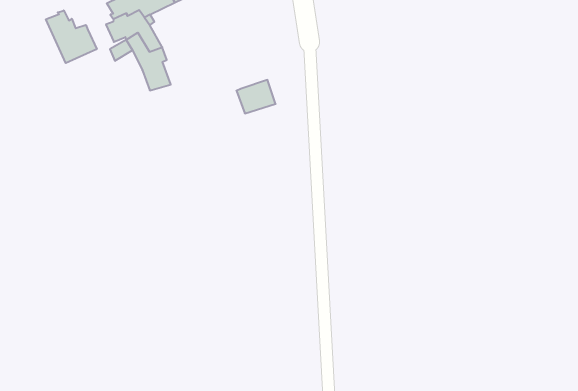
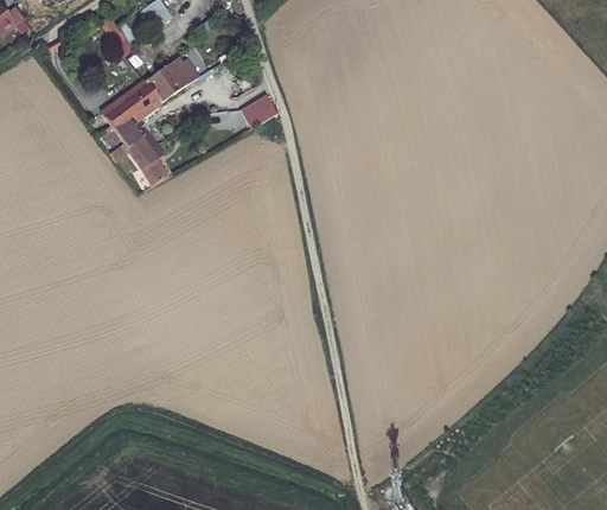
building: [46,10,97,63] -> none
building: [236,80,276,113] -> [241,94,277,127]

